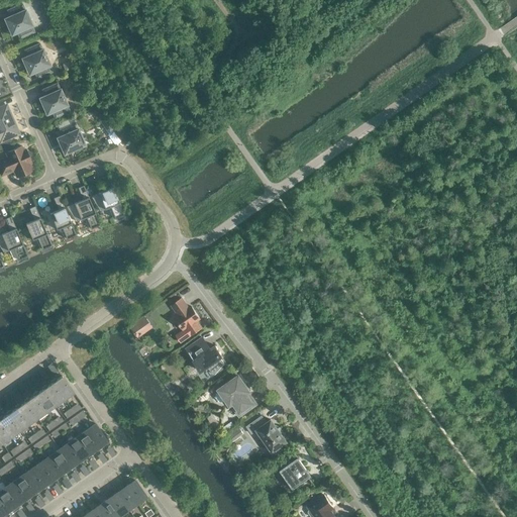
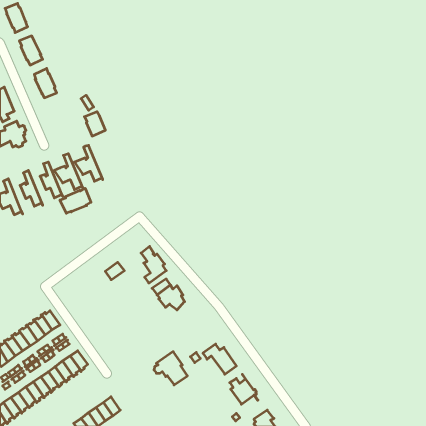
building: [59,124,84,153] -> [84,112,105,136]
building: none -> [60,188,91,213]
building: [214,377,254,417] -> [154,352,187,385]

